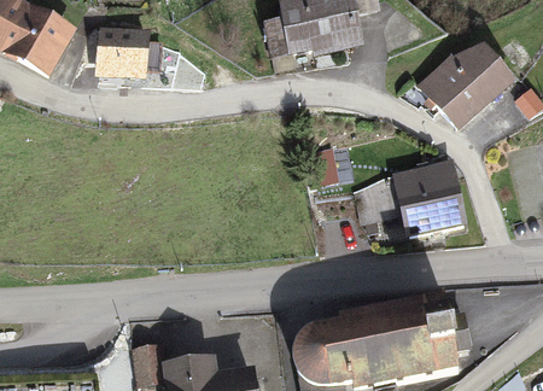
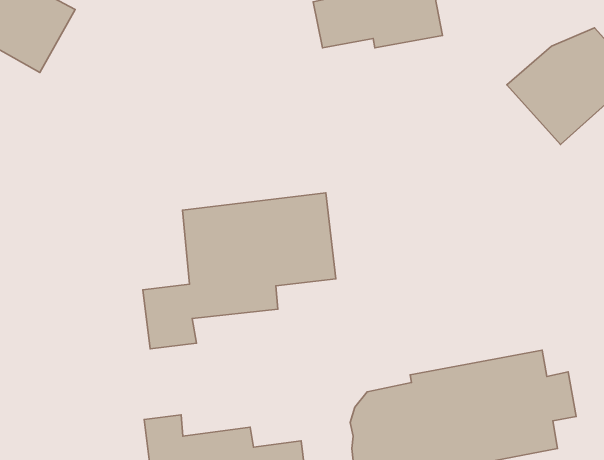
building: [100,30,146,78] -> none
building: [356,159,466,238] -> none
building: none -> [143,193,336,349]

